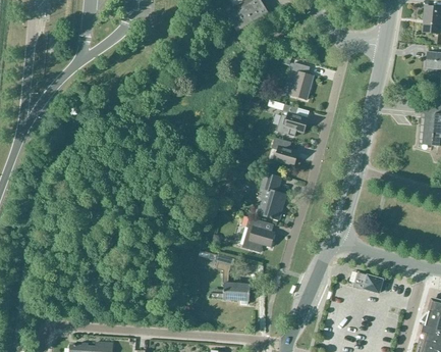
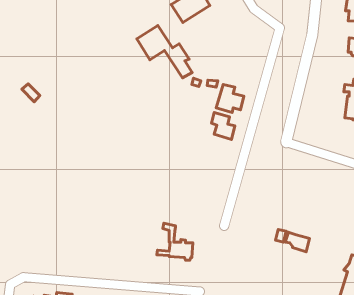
building: none -> [137,26,192,78]
building: [290,62,313,99] -> none
building: [259,172,285,219] -> none
building: [241,216,274,252] -> none

